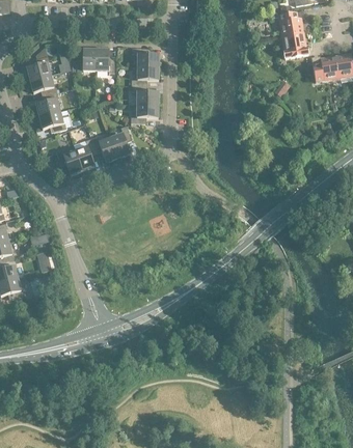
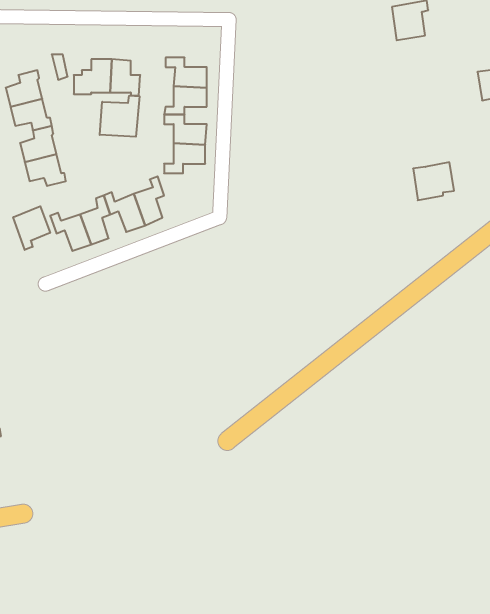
building: [282,32,308,57] -> none
building: [311,56,338,81] -> [413,162,454,200]
building: none -> [100,96,140,137]
building: none -> [13,206,50,250]

